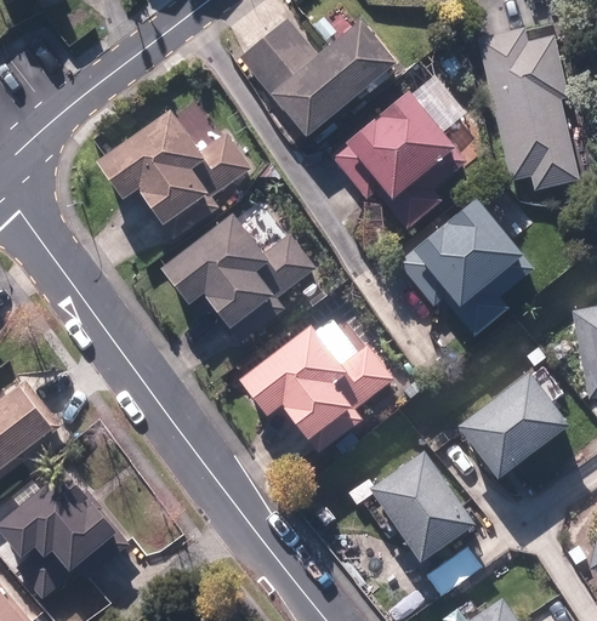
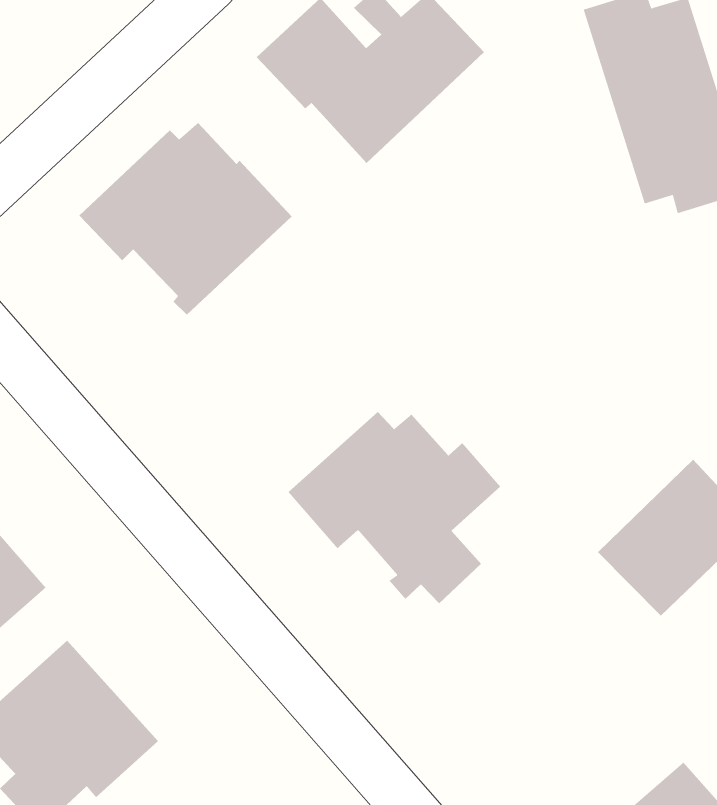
building: [343,90,465,232] -> none
building: [411,190,534,338] -> none
building: [161,204,308,348] -> none
building: [366,446,477,562] -> none

